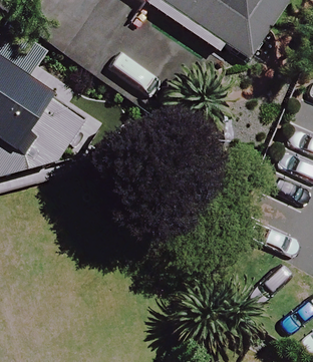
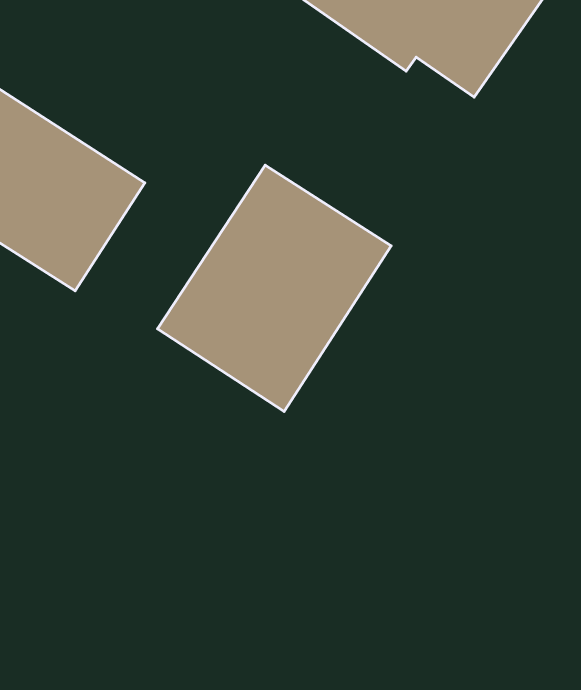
building: none -> [157,165,391,412]

